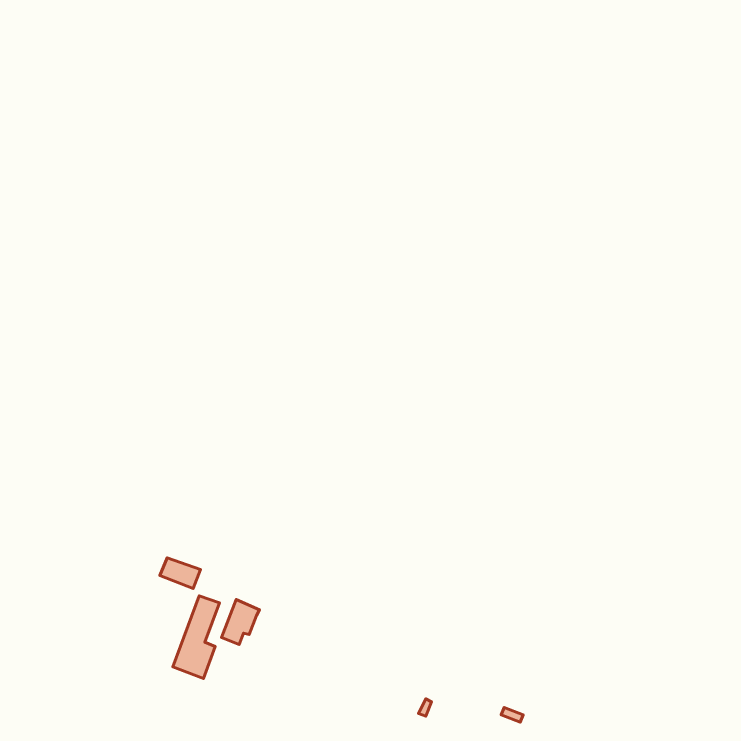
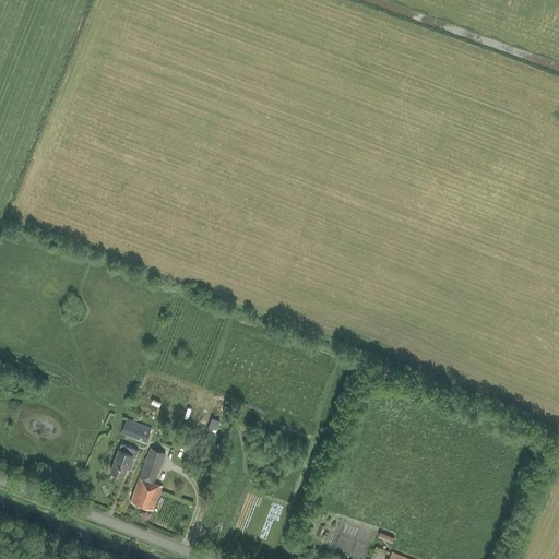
building: [222,600,259,645] -> [109,444,138,478]

